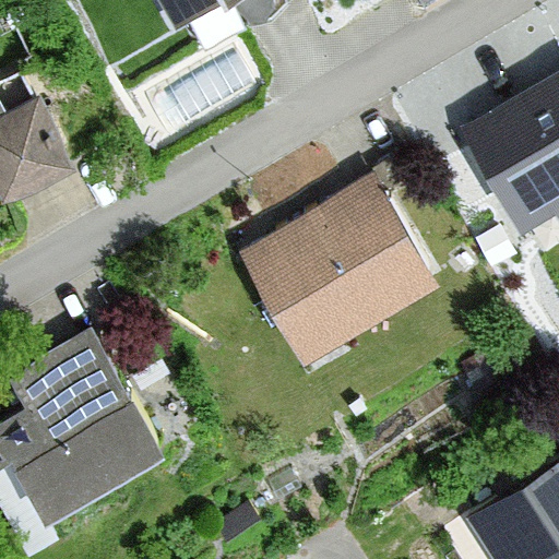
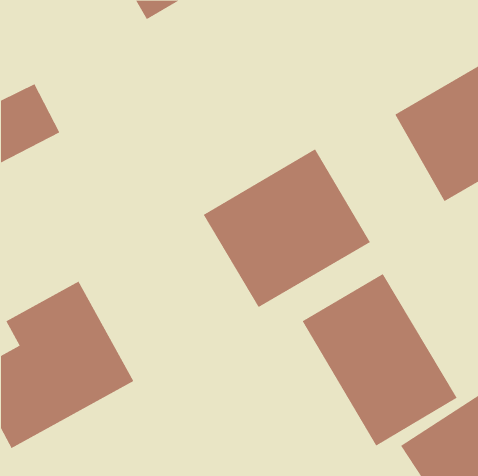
building: none -> [302,273,457,446]

